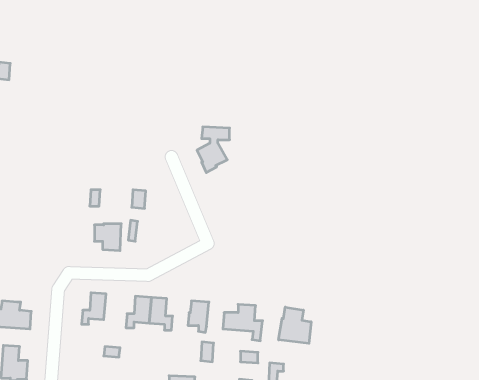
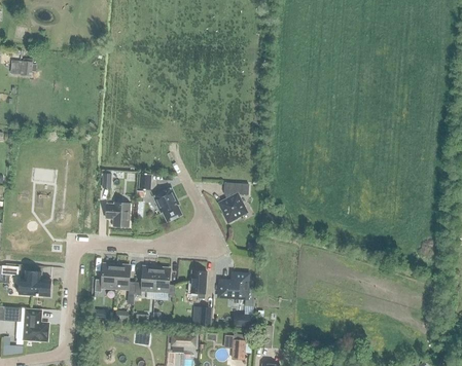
building: [197,127,230,173] -> [219,182,248,222]
building: none -> [152,187,181,221]
building: none -> [114,264,135,294]
building: [279,307,311,343] -> none

